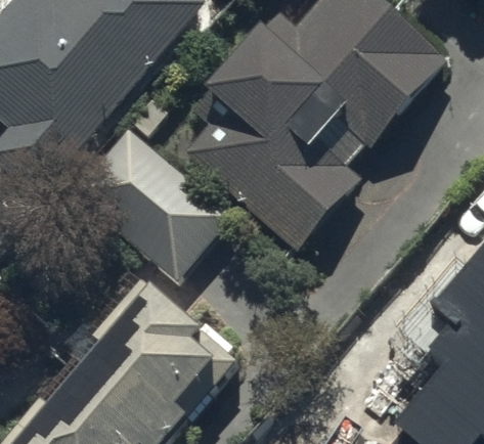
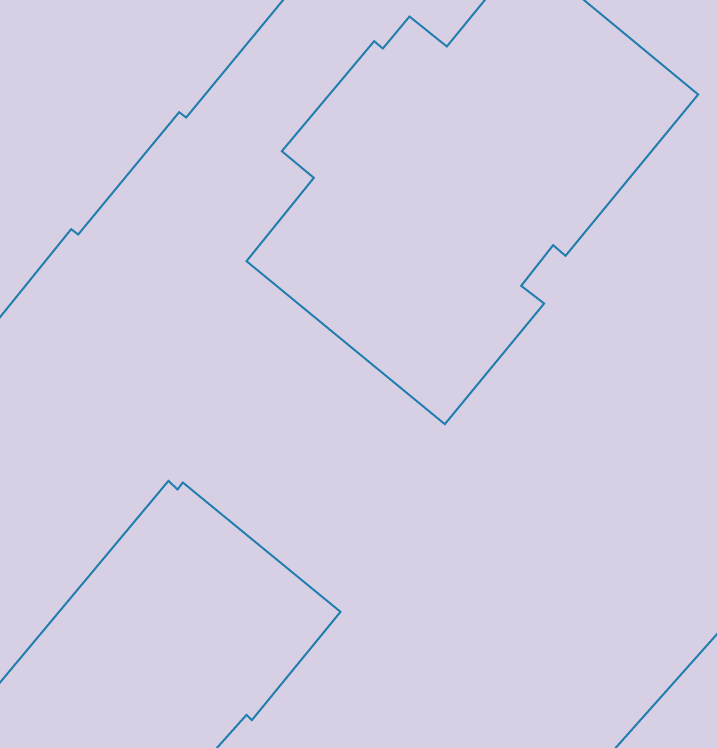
building: [78,138,233,286] -> none

